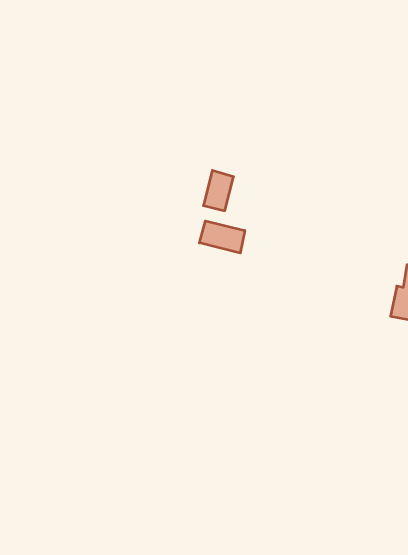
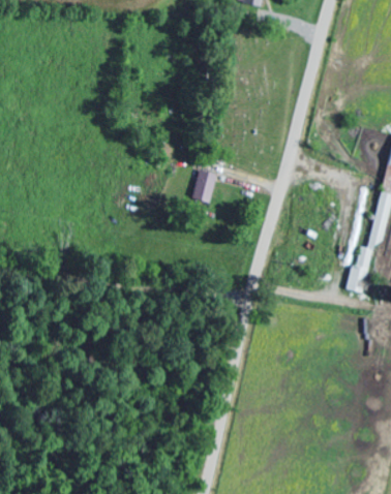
building: [199,221,245,253] -> none

